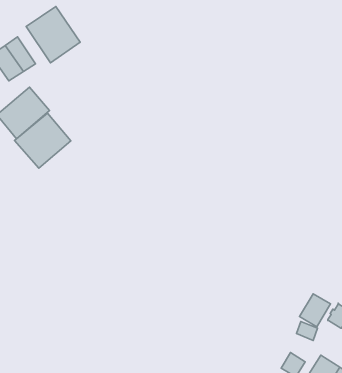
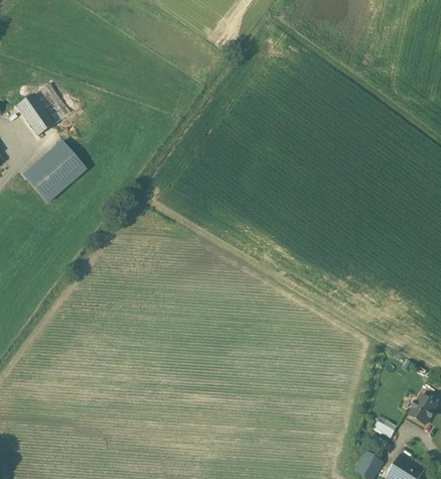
building: [26,6,80,63] -> none
building: [15,113,71,168] -> none
building: [300,294,330,327] -> none

